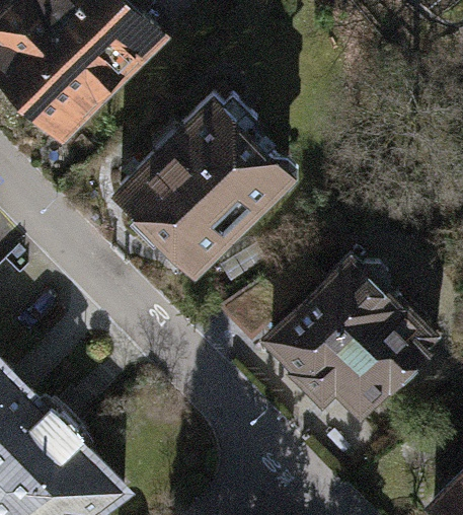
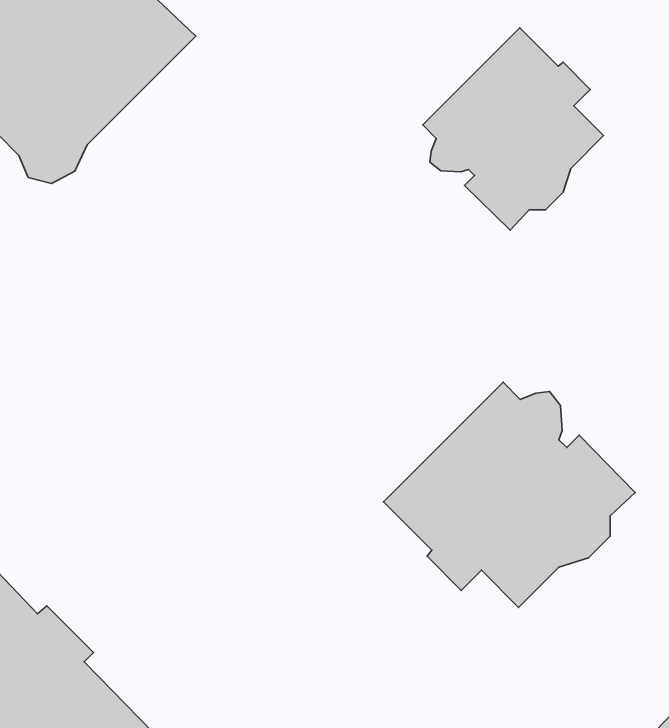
building: none -> [423,28,604,230]
building: [122,101,291,270] -> none

